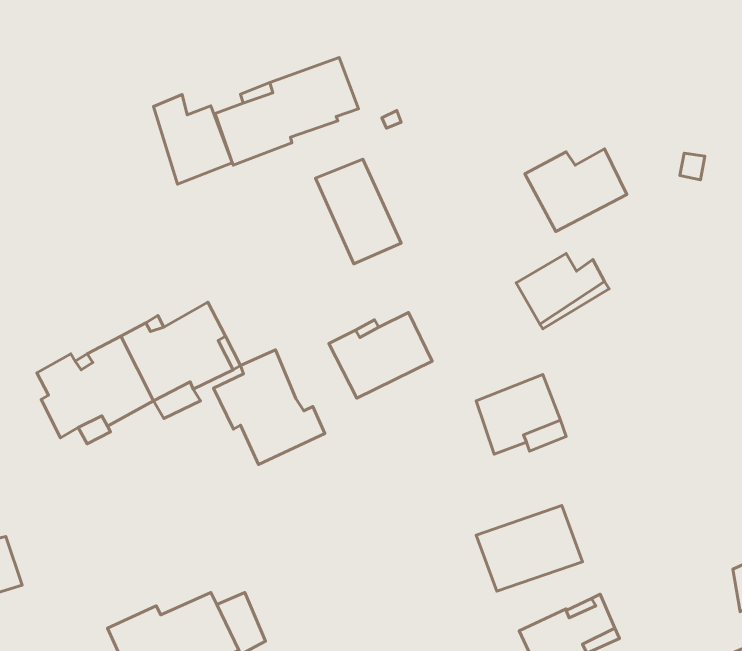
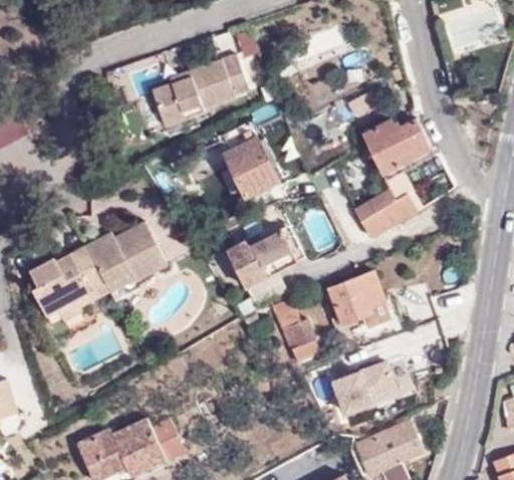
building: [154,94,232,184] -> none
building: [213,350,325,465] -> none
building: none -> [279,315,315,350]

